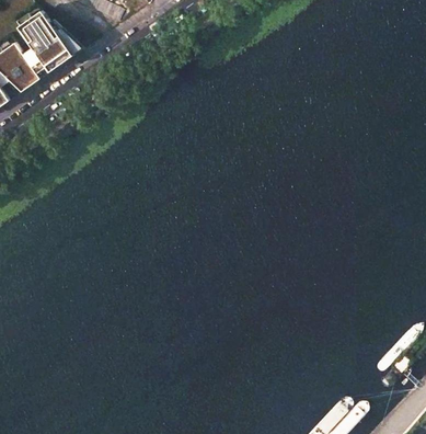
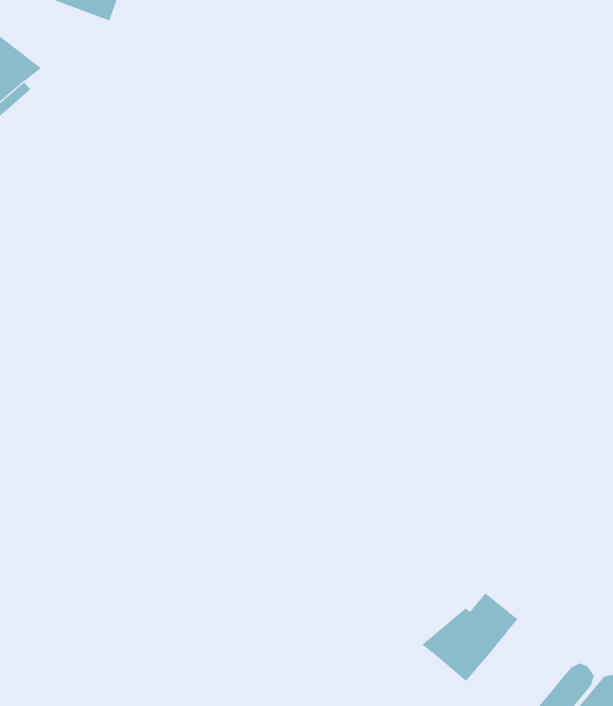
building: none -> [421,592,518,682]

